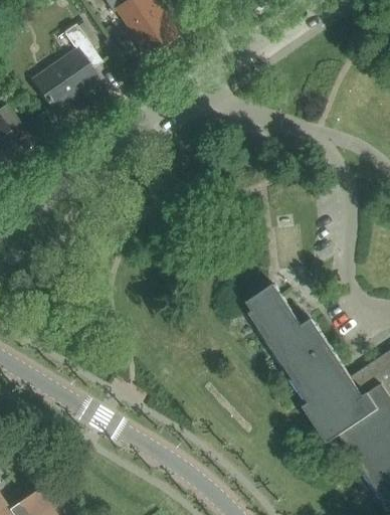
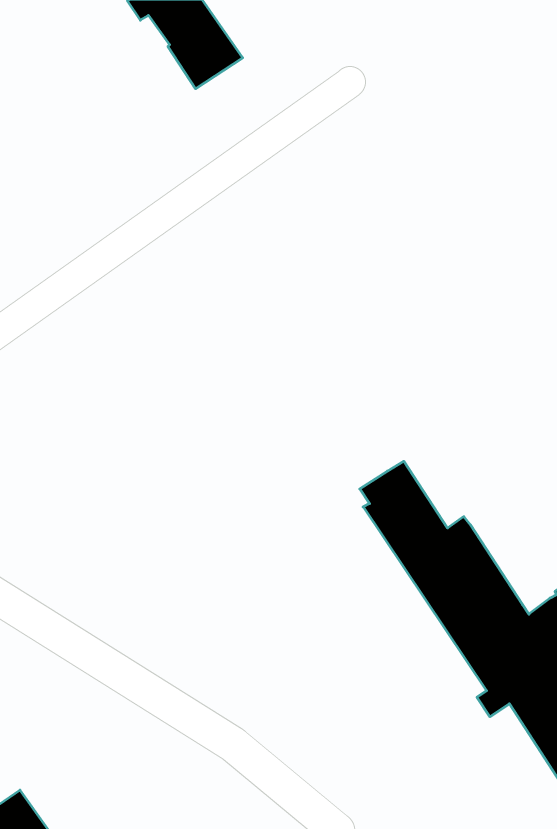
building: [32,25,101,110] -> none

